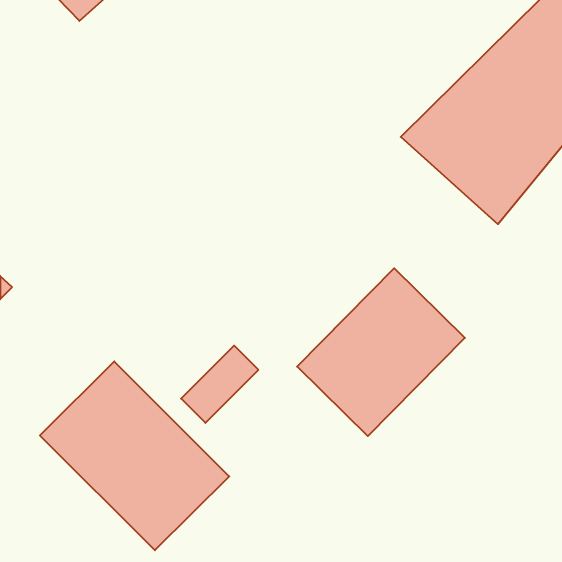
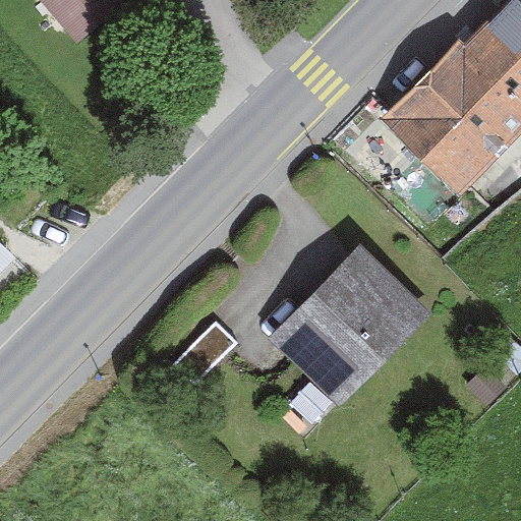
building: [40,361,229,550] -> none

